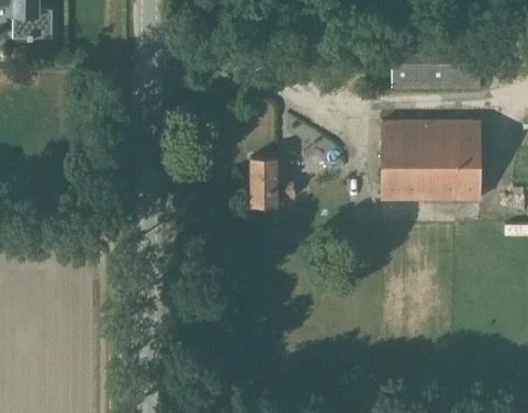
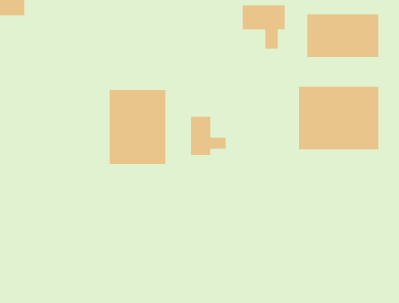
building: none -> [242,5,286,49]
building: none -> [109,89,166,165]

